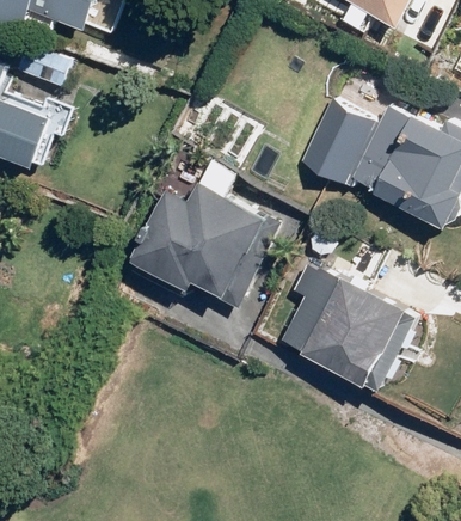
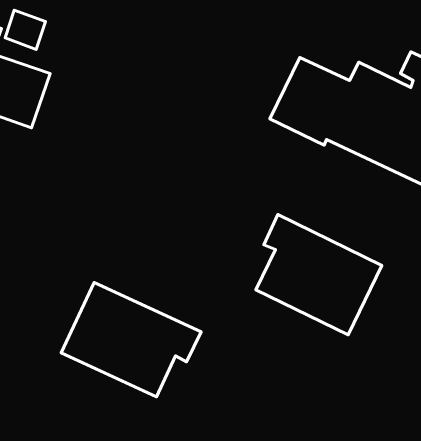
building: [136,152,276,305] -> none
building: none -> [61,282,201,397]

